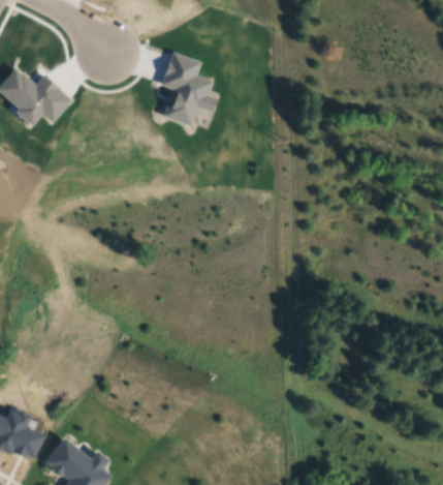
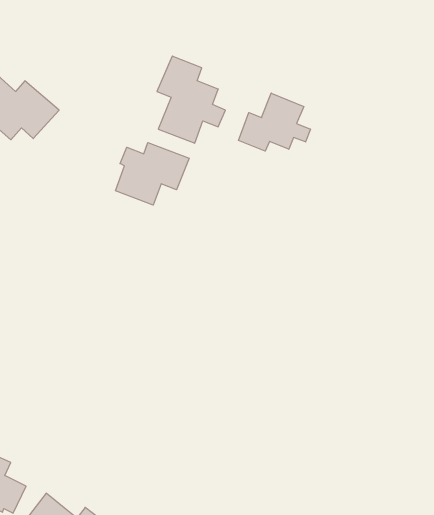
building: none -> [239,93,310,151]
building: none -> [116,143,189,205]

